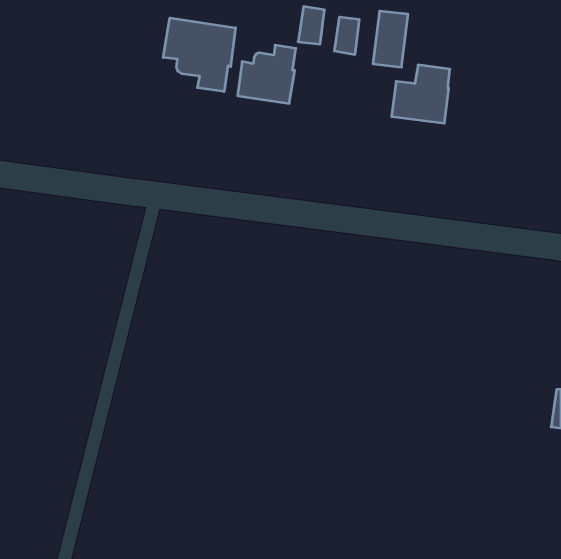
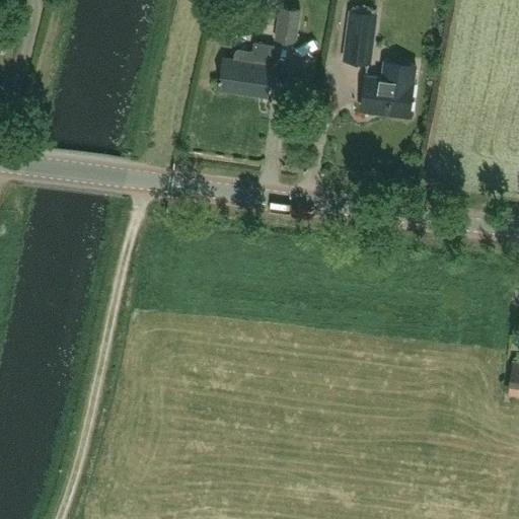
building: [334,17,359,55] -> none
building: [163,18,236,92] -> none

